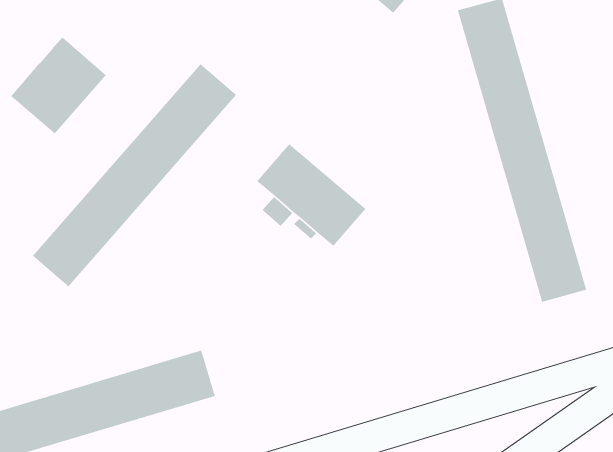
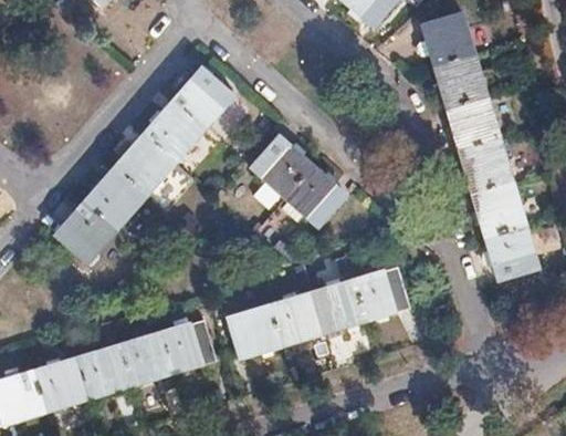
building: [10,37,107,135] -> none
building: none -> [226,266,409,359]

